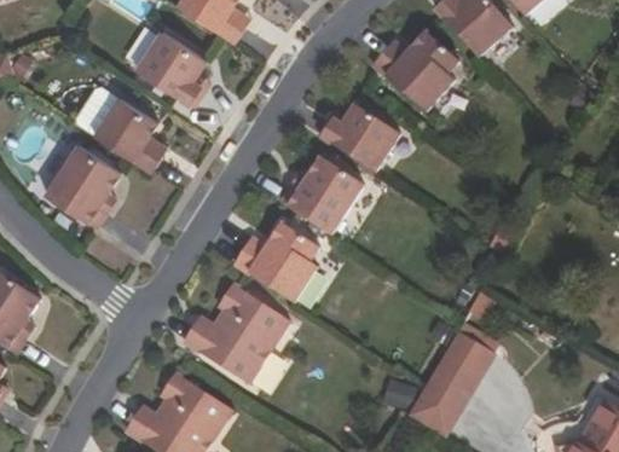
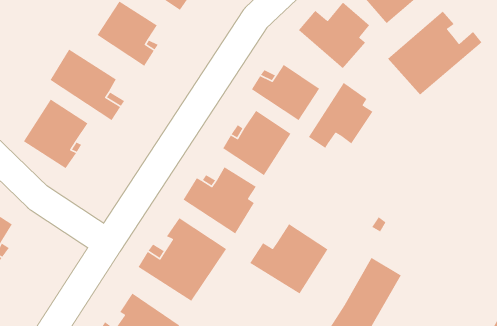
building: none -> [387,11,483,95]
building: none -> [308,82,373,149]
building: none -> [249,223,329,295]

